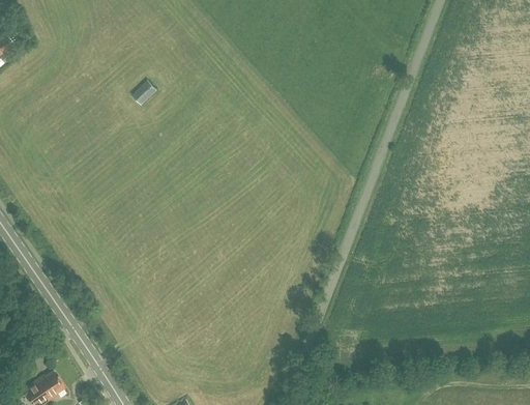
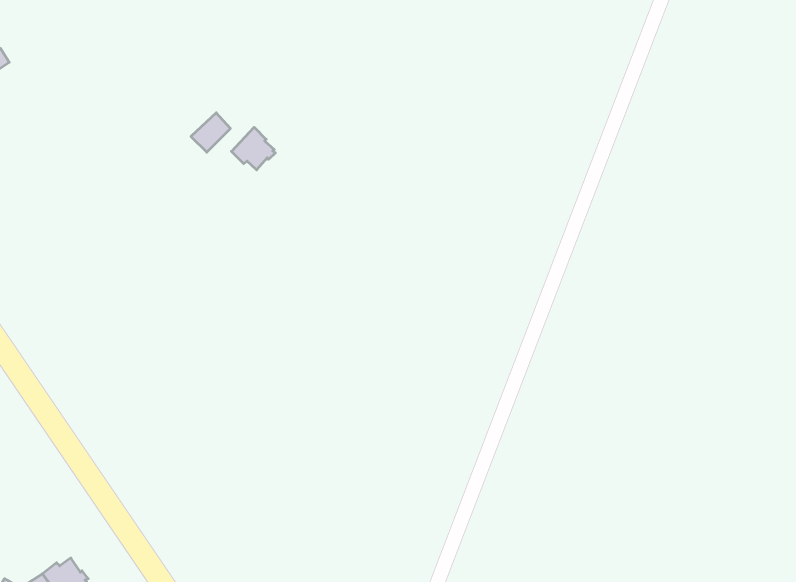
building: none -> [231,127,275,170]

